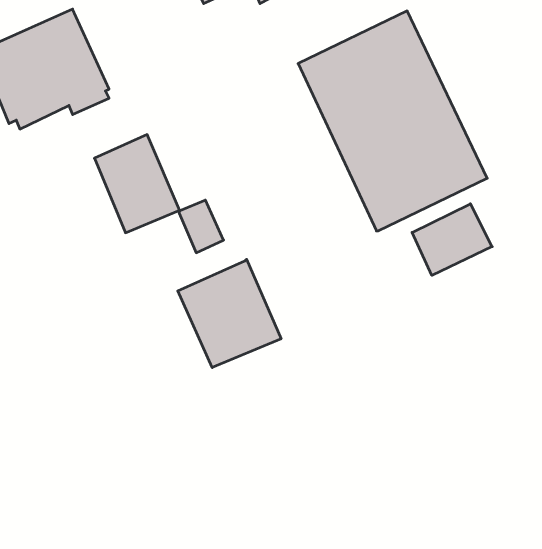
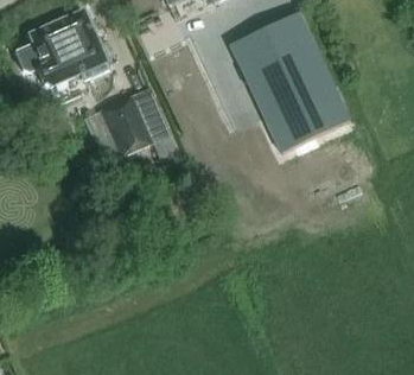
building: [412,204,492,275] -> none
building: [178,259,281,368] -> none

